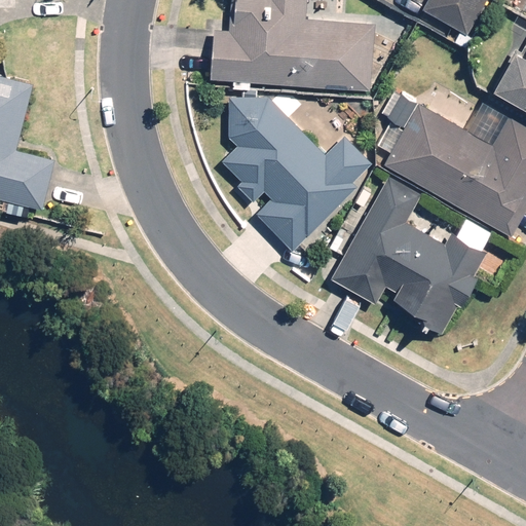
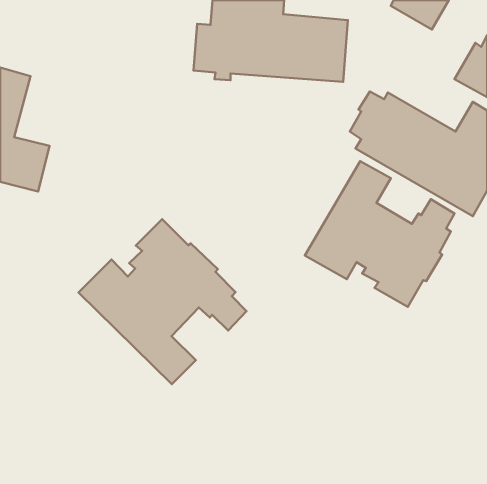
building: [221,98,372,251] -> none
building: none -> [78,219,247,384]

